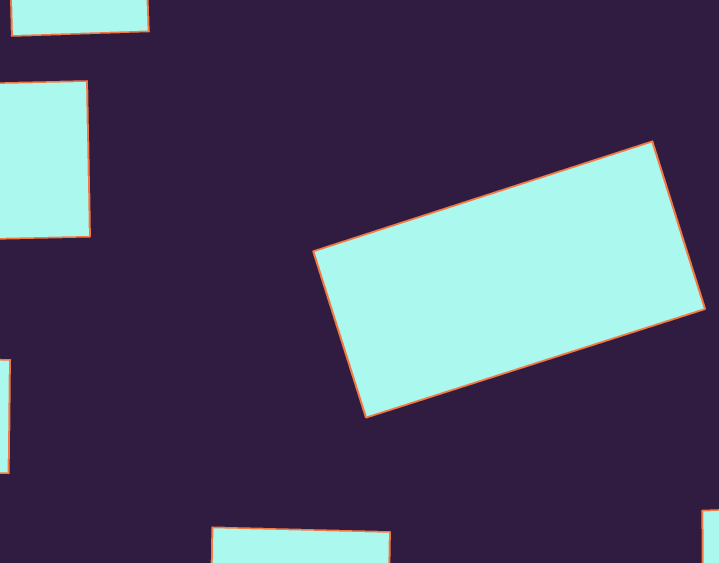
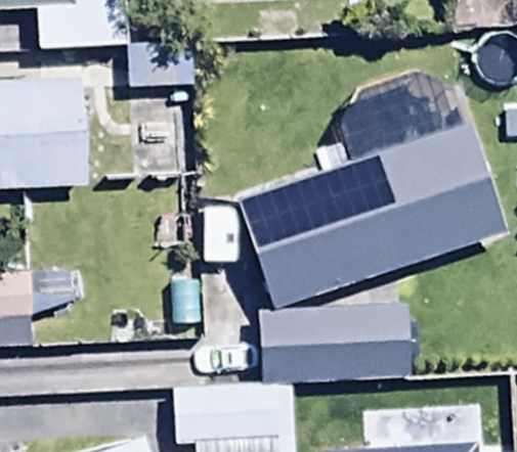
building: none -> [258,312,408,376]

